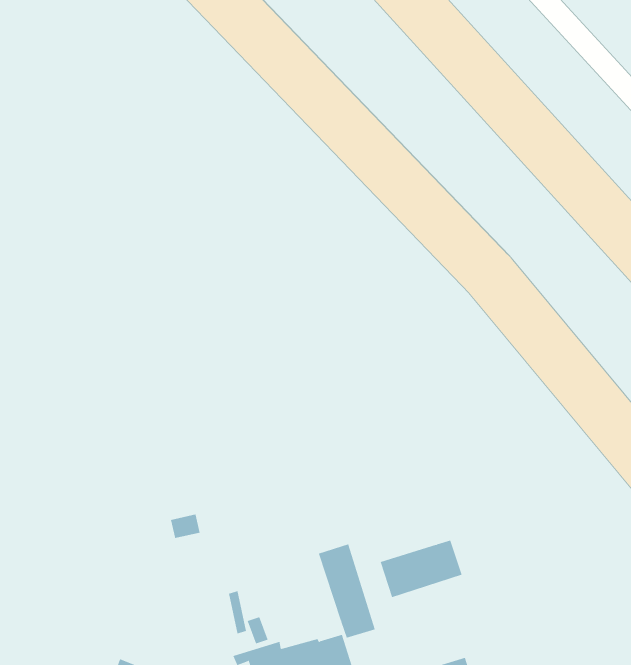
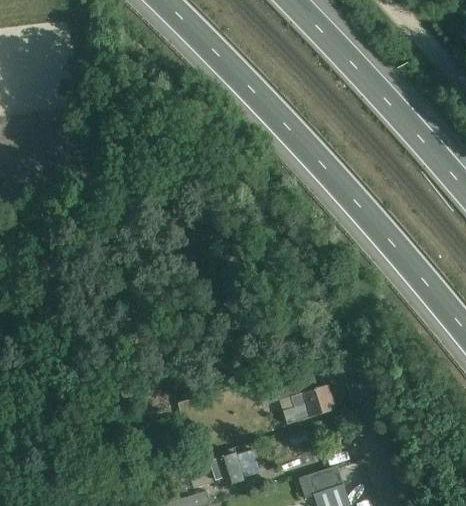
building: [318,543,376,638] -> none

